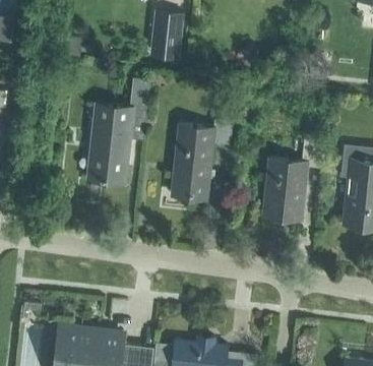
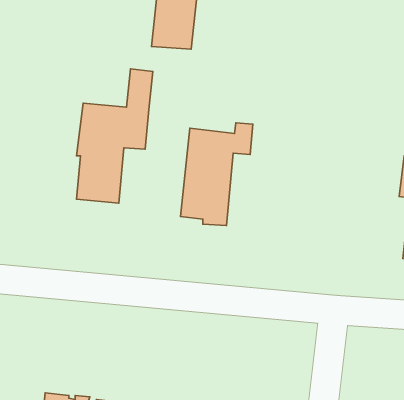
building: [263,138,325,220] -> none

